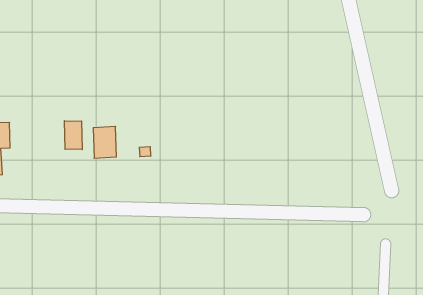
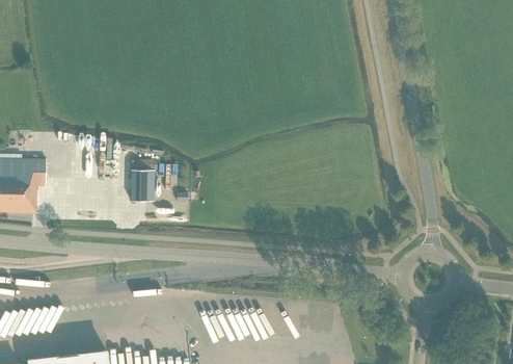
building: [64,121,82,150] -> none

